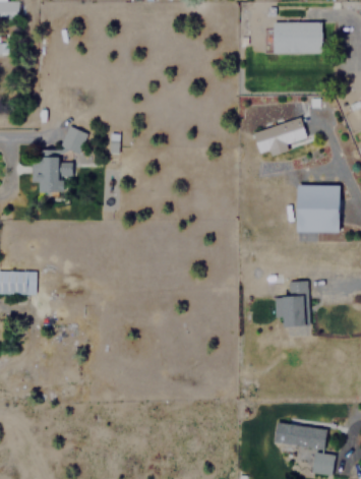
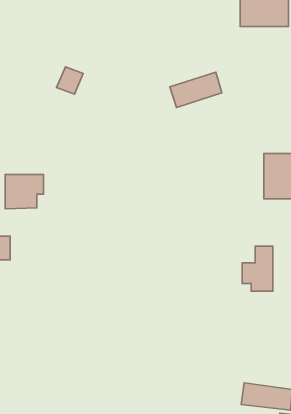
building: [253,117,307,154] -> [170,72,222,107]
building: [60,126,87,155] -> [57,67,83,94]
building: [33,158,72,193] -> [5,174,44,209]

